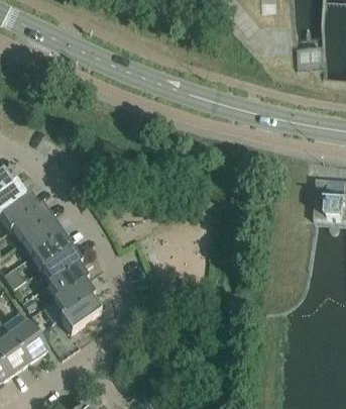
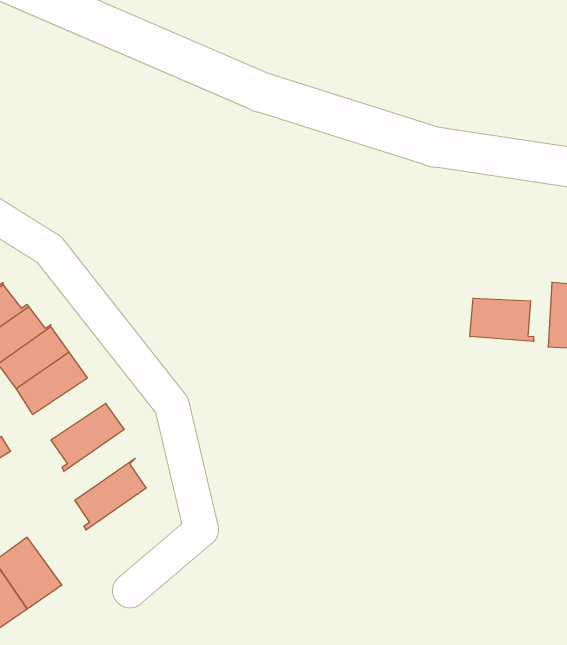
building: none -> [470,298,534,341]
building: [31,233,72,268] -> none
building: [48,262,88,301] -> none
building: [61,294,101,331] -> none

